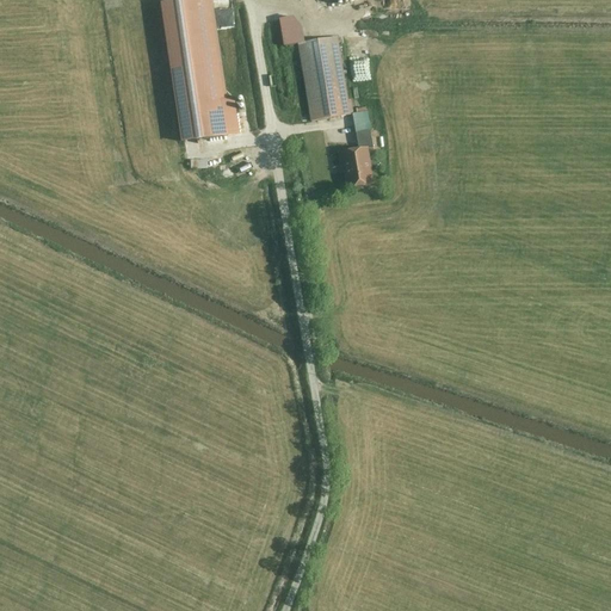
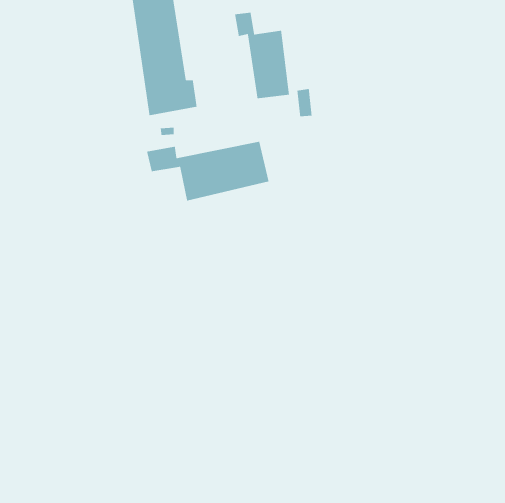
building: [338,144,376,189] -> none
building: none -> [146,141,269,202]

